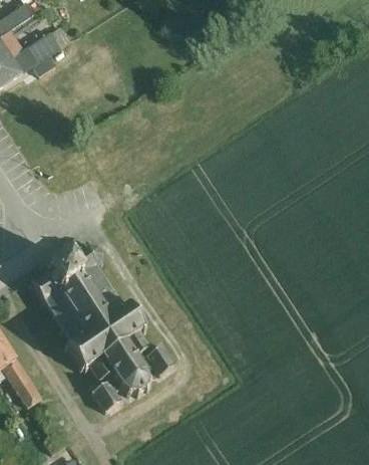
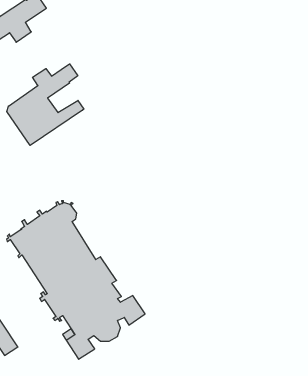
building: none -> [7,64,84,145]

